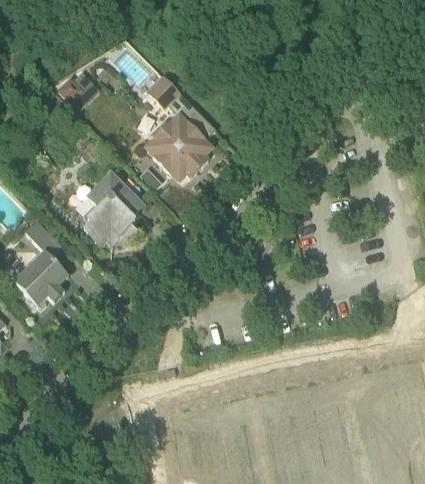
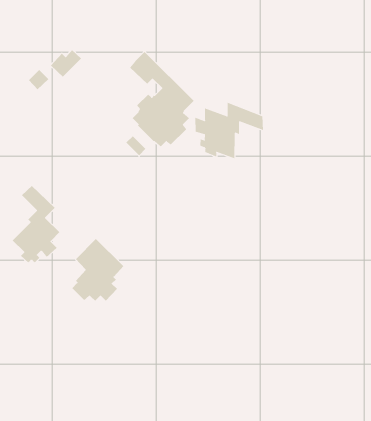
building: none -> [195,102,263,159]
building: [84,174,142,244] -> [71,238,124,302]

